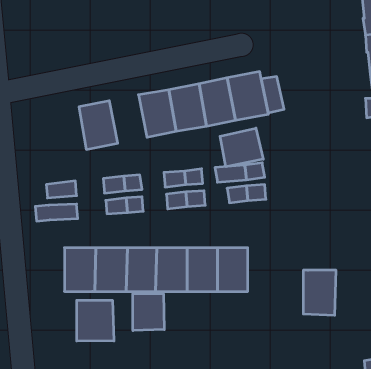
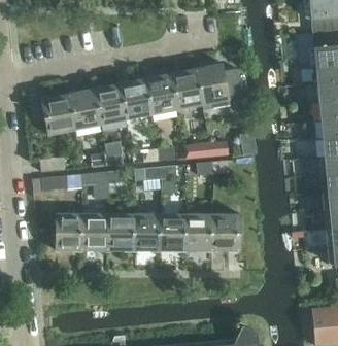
building: none -> [95,83,127,125]
building: none -> [42,94,75,135]
building: [220,128,263,167] -> none
building: [303,270,336,315] -> [212,213,240,251]
building: [133,294,164,331] -> none
building: [77,300,114,341] -> none

